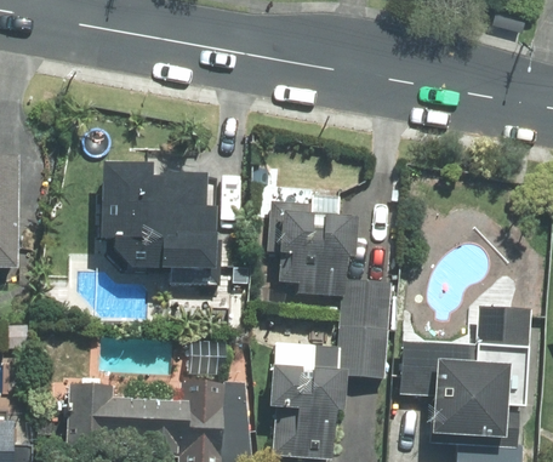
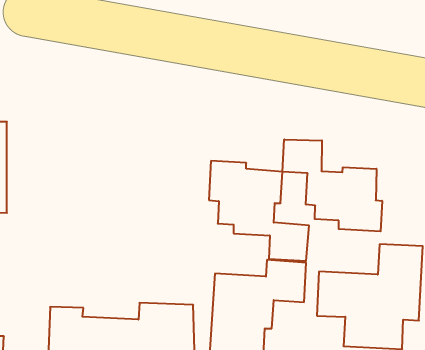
building: [101,160,223,285] -> none
building: none -> [283,139,382,231]

